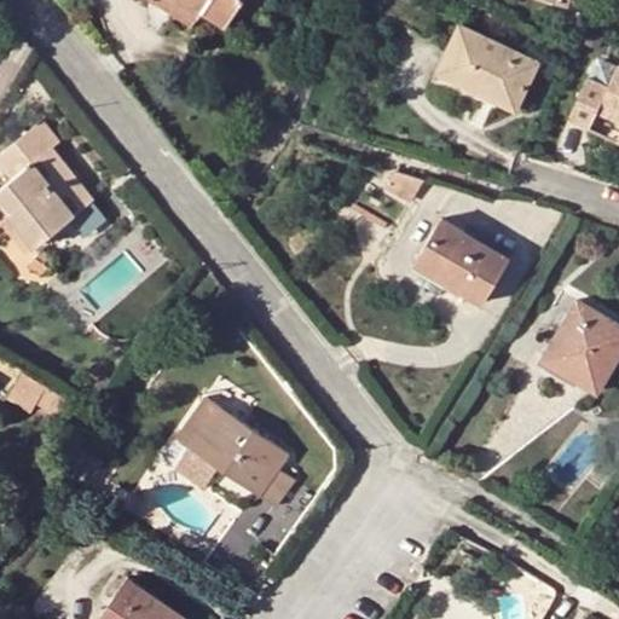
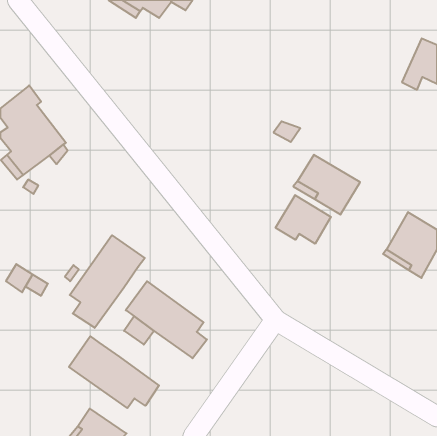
building: [440,25,537,109] -> none
building: none -> [276,195,331,244]
building: none -> [70,235,145,328]
building: none -> [69,336,159,408]

